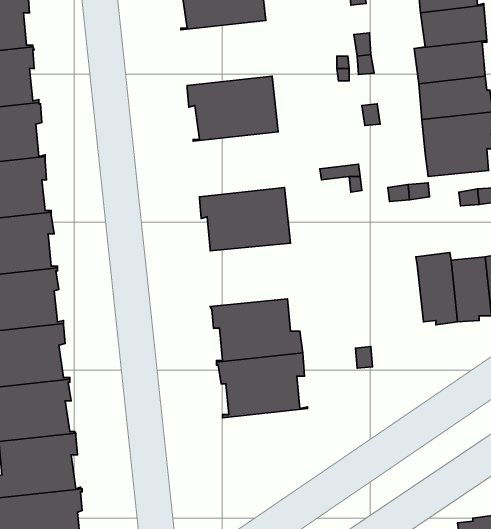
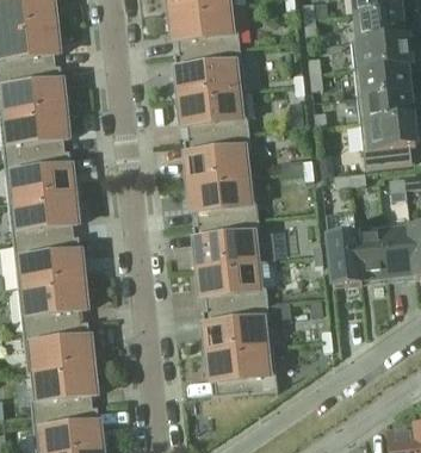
building: none -> [174,46,244,97]
building: none -> [184,132,254,182]
building: none -> [326,217,361,287]
building: none -> [192,218,275,267]
building: none -> [206,346,277,397]

